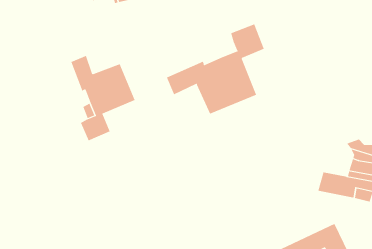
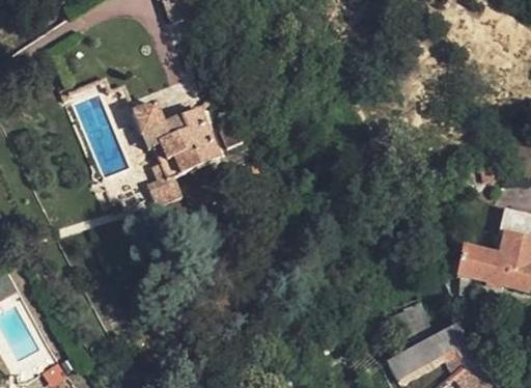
building: [166,24,265,115] -> none

